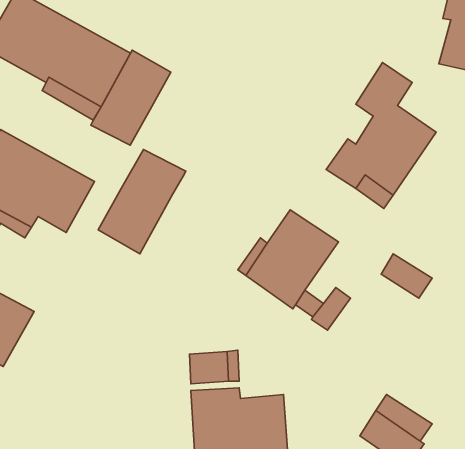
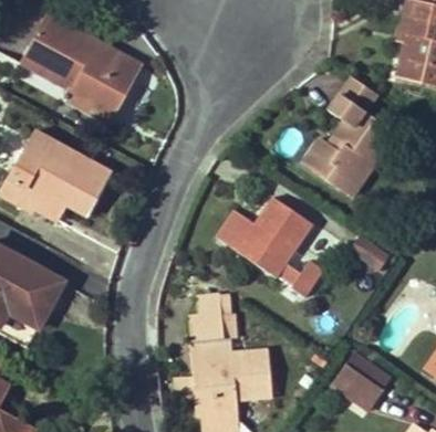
building: [91,50,171,145] -> none
building: [98,149,186,254] -> none

